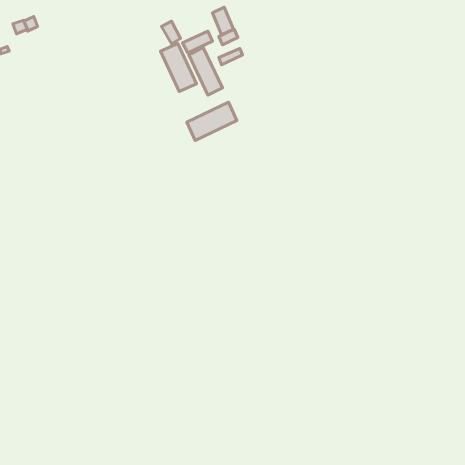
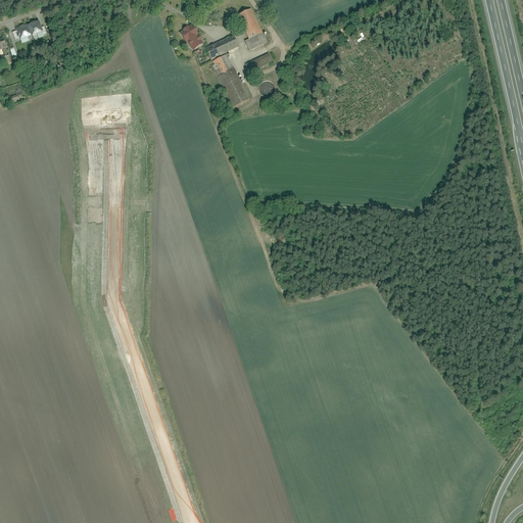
building: [161,44,197,92] -> none
building: [187,102,237,140] -> none

